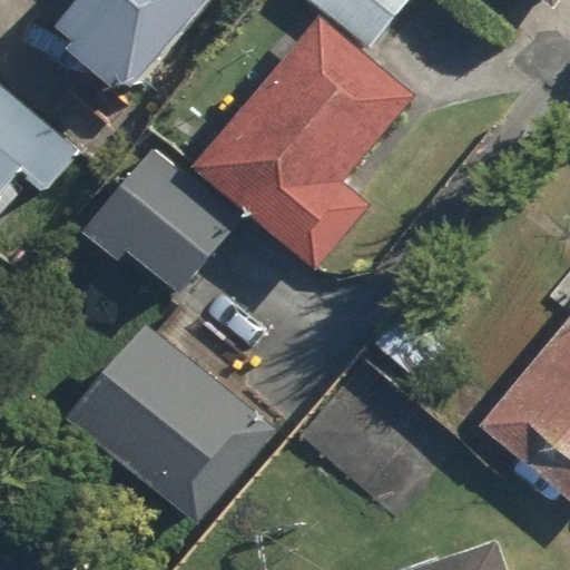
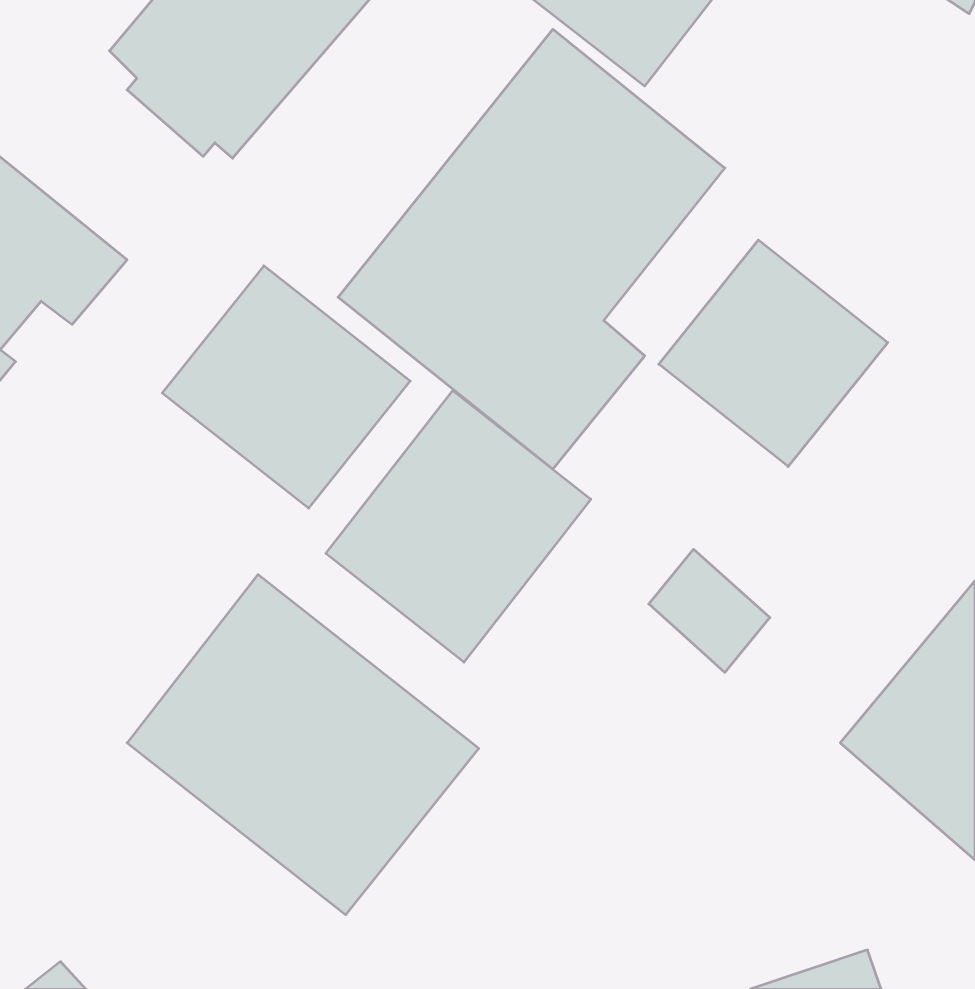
building: none -> [659,240,888,467]
building: none -> [326,390,591,662]

